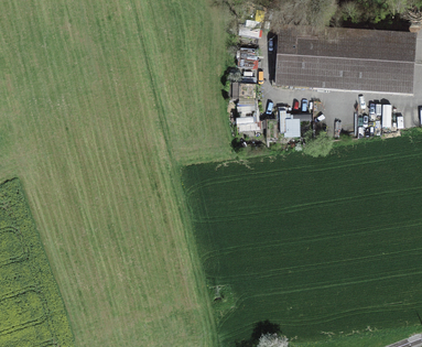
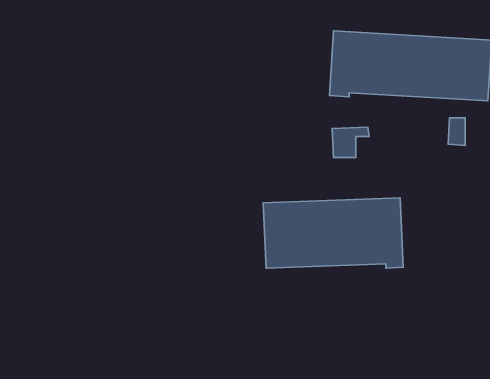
building: none -> [263,198,403,268]

